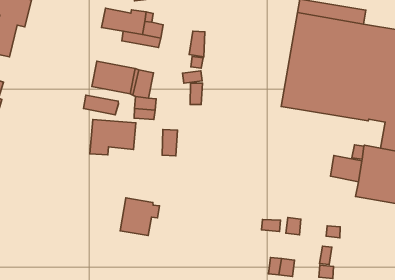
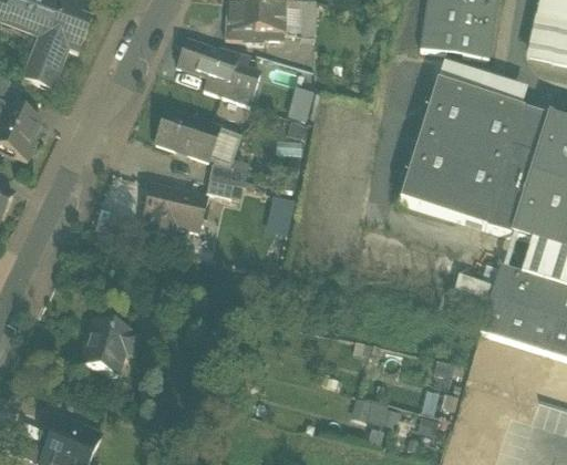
building: [83,95,119,115] -> none
building: [162,130,177,156] -> [267,200,291,237]
building: [120,198,159,235] -> [81,321,136,374]

